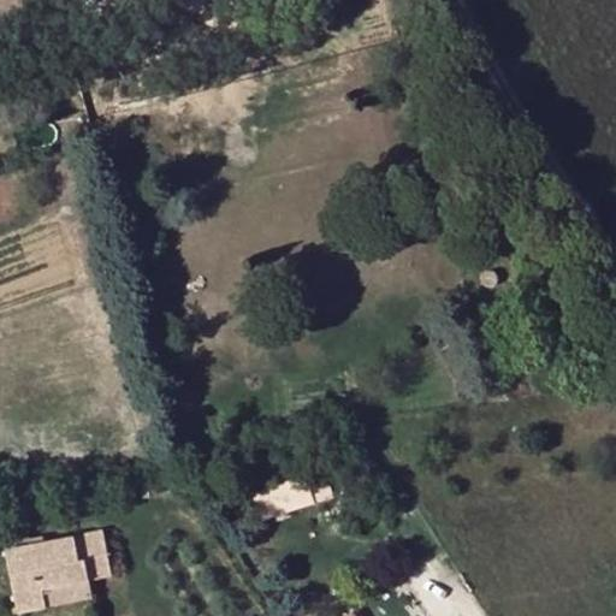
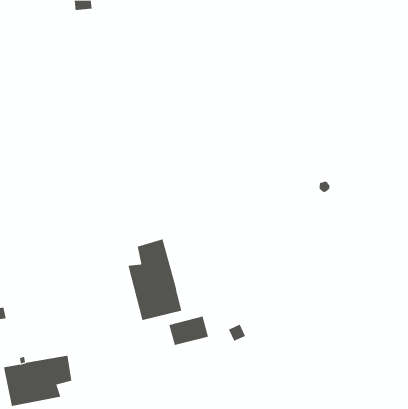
building: none -> [128,239,182,321]

